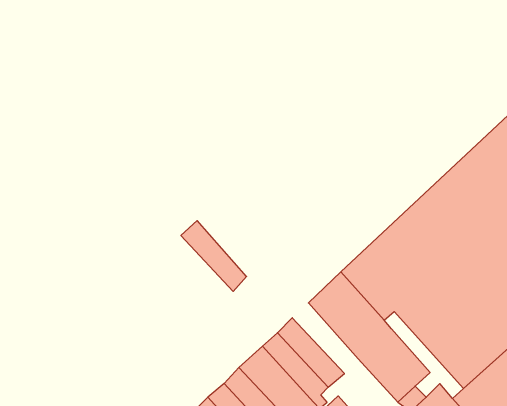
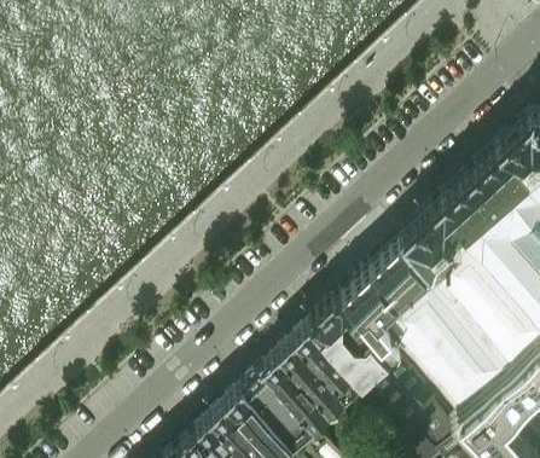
building: [181,221,247,291] -> [291,330,355,399]

